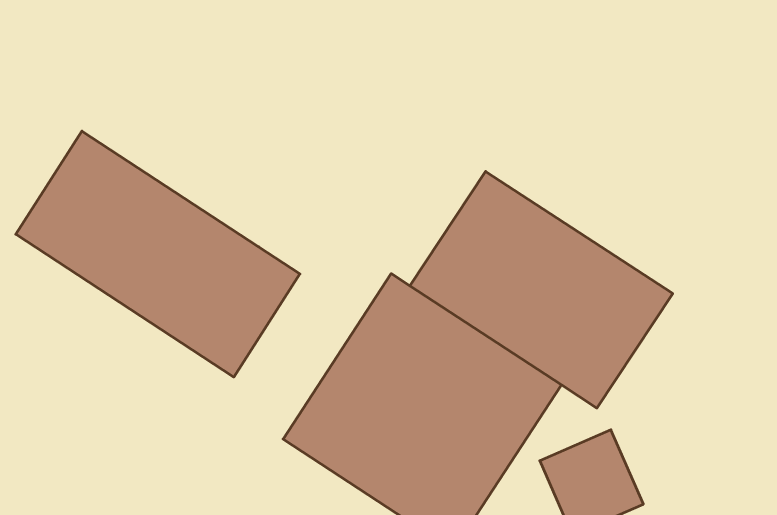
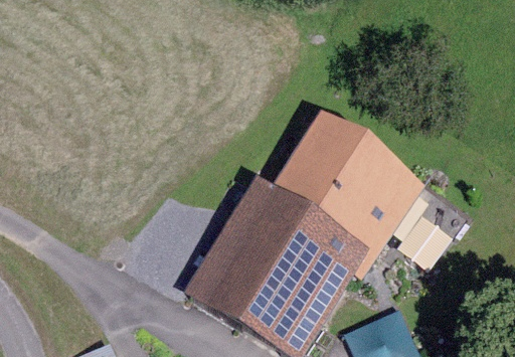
building: [16,131,300,377] -> none

